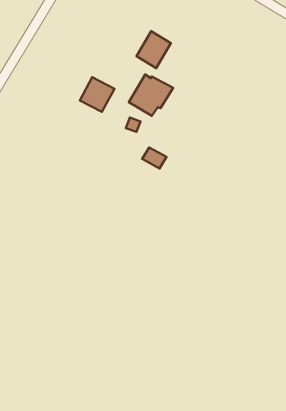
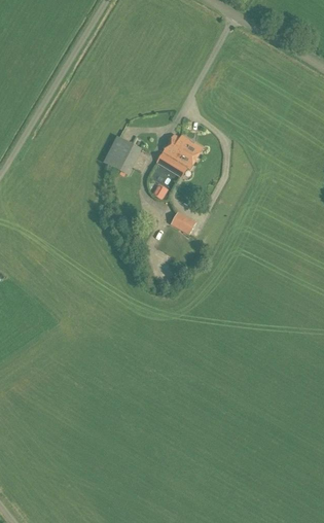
building: [136,31,171,68] -> none

